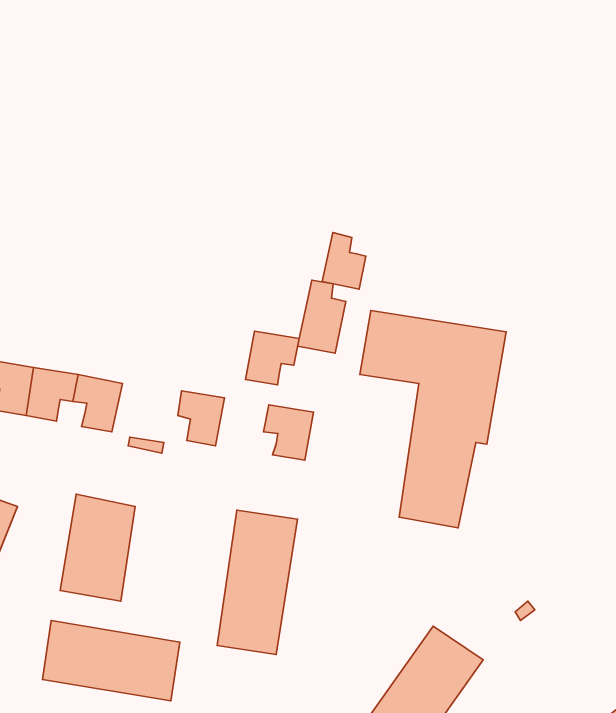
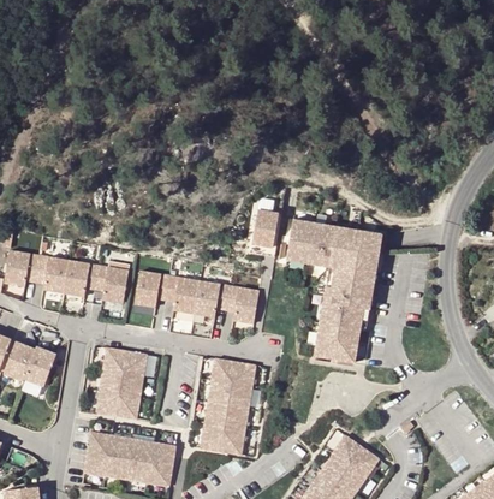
building: [322,232,366,289] -> none
building: [246,331,299,385] -> [194,281,230,317]
building: none -> [136,272,171,307]

